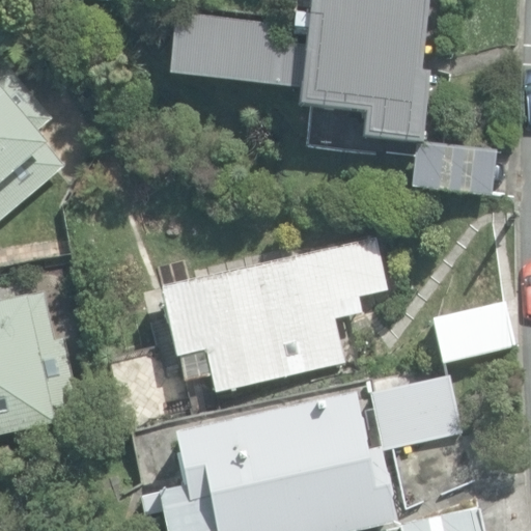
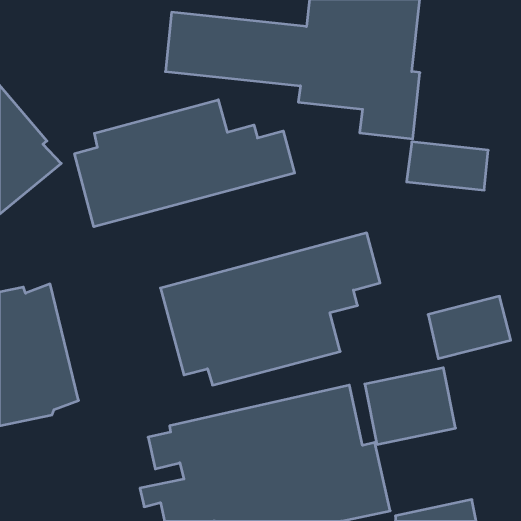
building: none -> [75,100,295,227]

